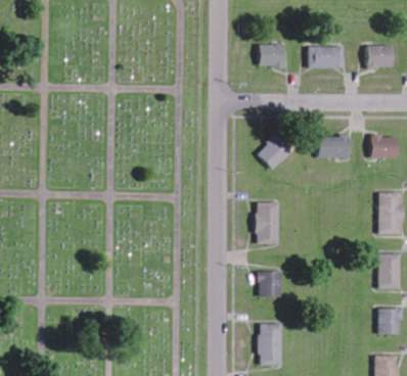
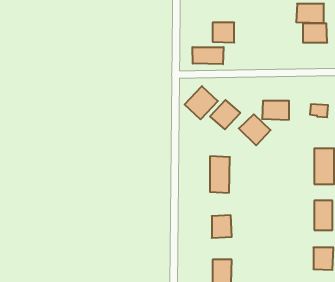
building: [307,46,340,68] -> [296,4,324,23]
building: none -> [192,47,224,64]
building: none -> [185,86,218,119]
building: none -> [239,114,271,145]

